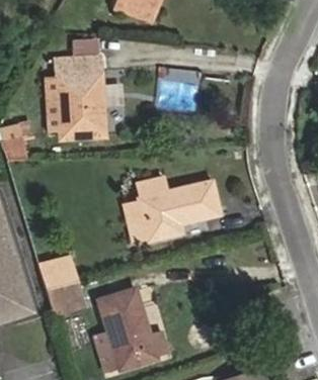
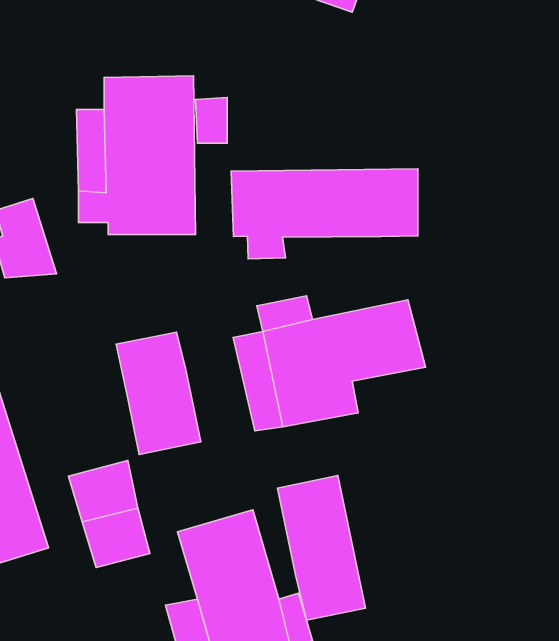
building: none -> [231,169,418,259]
building: none -> [116,332,201,455]
building: none -> [277,476,366,620]

